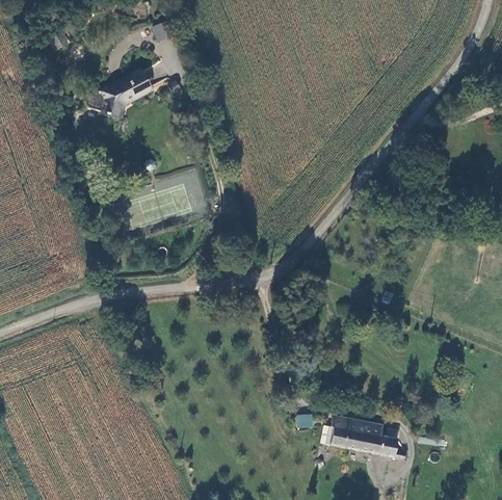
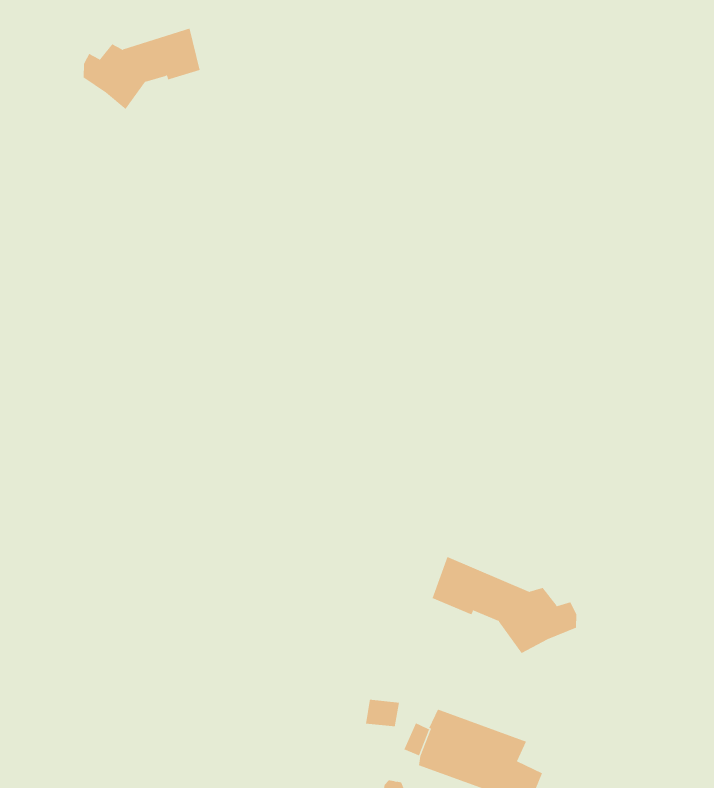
building: none -> [432,556,577,654]

